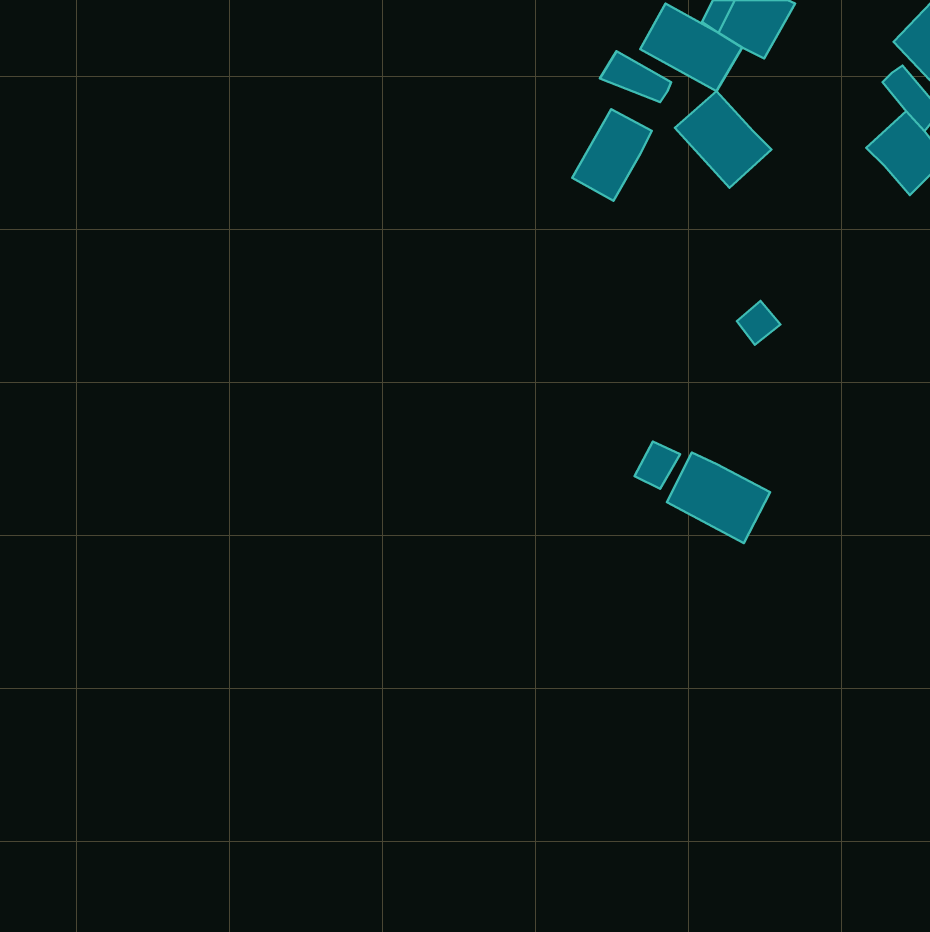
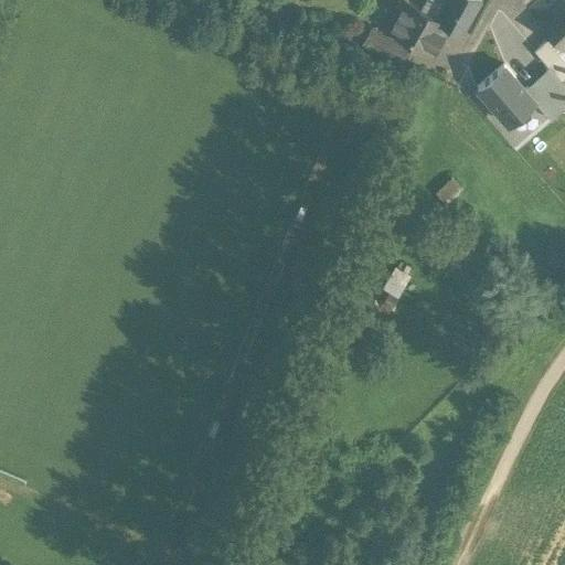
building: [675,91,771,188] -> [478,65,536,124]
building: [572,109,652,201] -> none
building: [667,453,770,543] -> none

